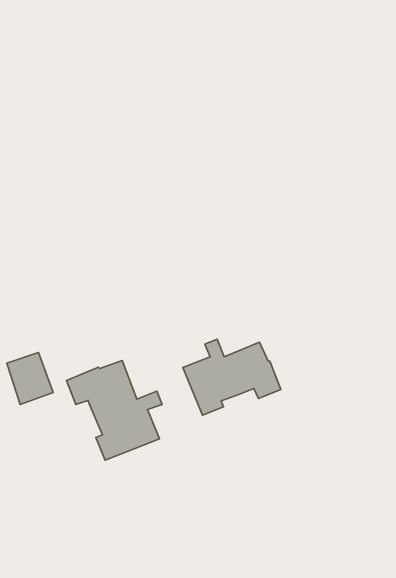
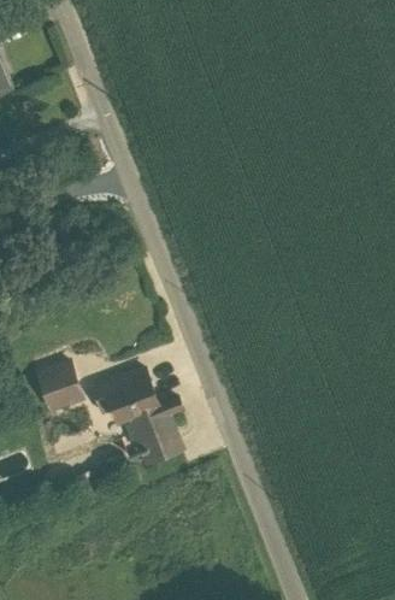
building: [183,339,281,415] -> none

